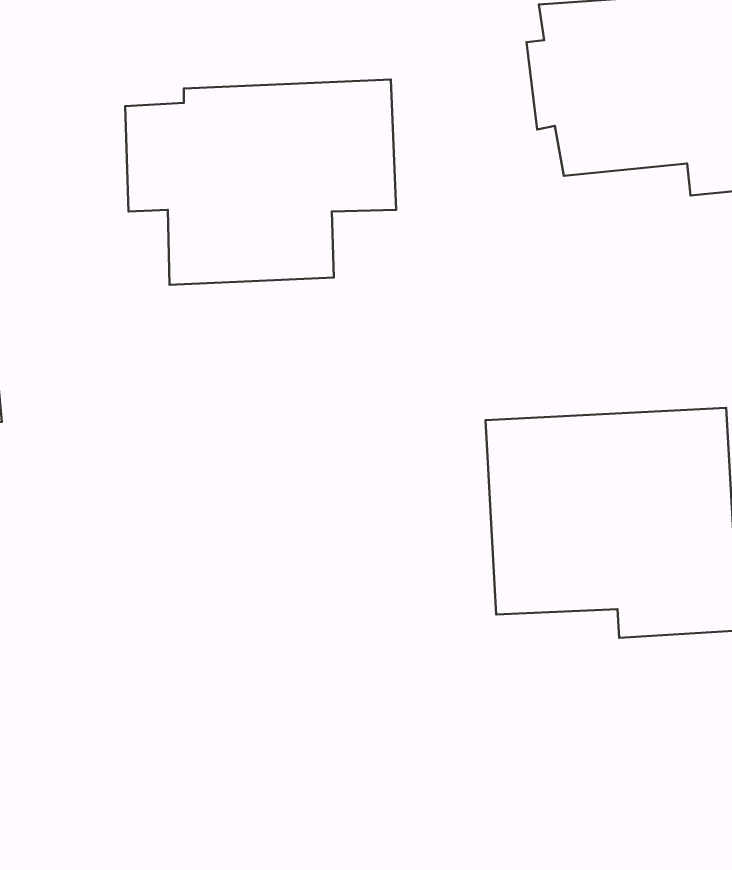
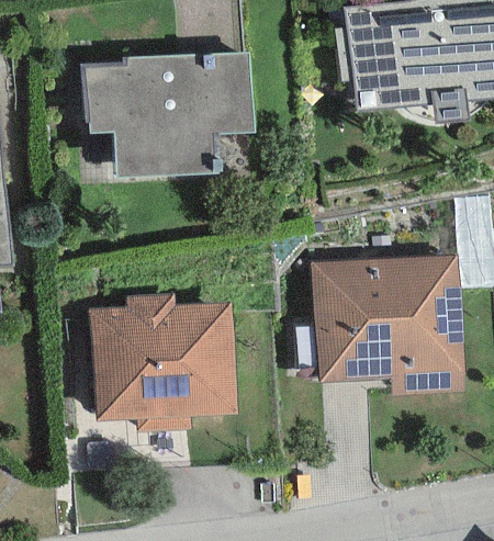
building: none -> [90,293,236,432]

